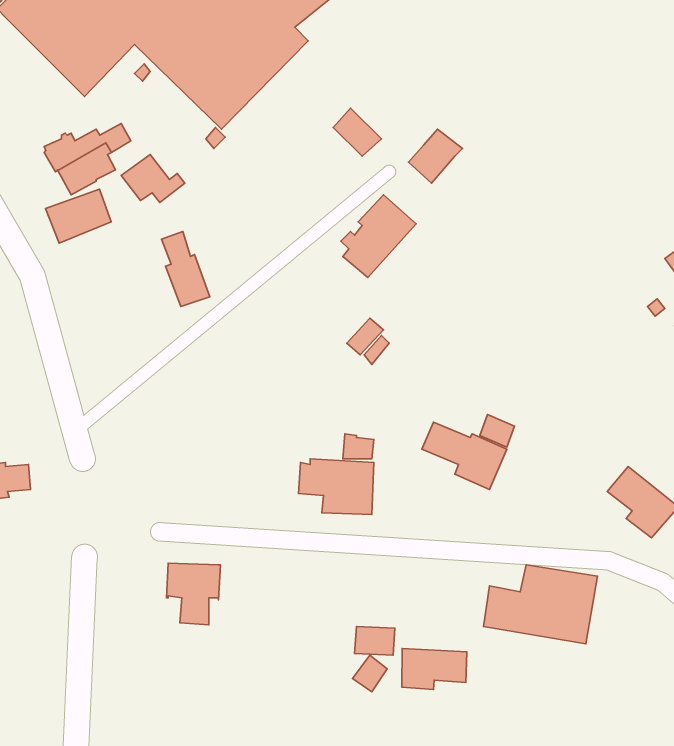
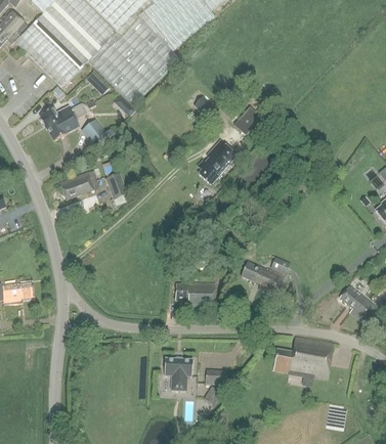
building: [46,189,111,243] -> [59,170,94,198]
building: [166,563,220,625] -> [164,356,192,389]
building: [402,648,467,689] -> none

